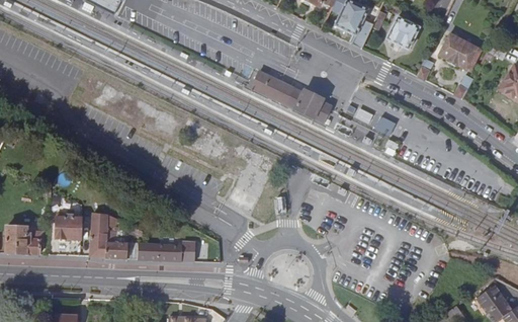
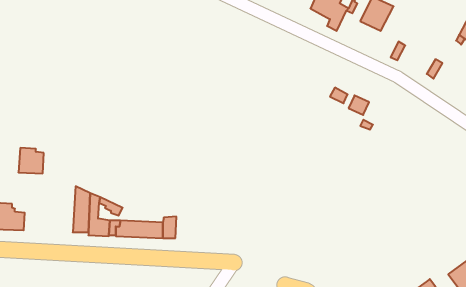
building: [439,28,479,65] -> none
building: [253,70,333,122] -> none
building: [55,213,81,239] -> [18,148,44,173]

